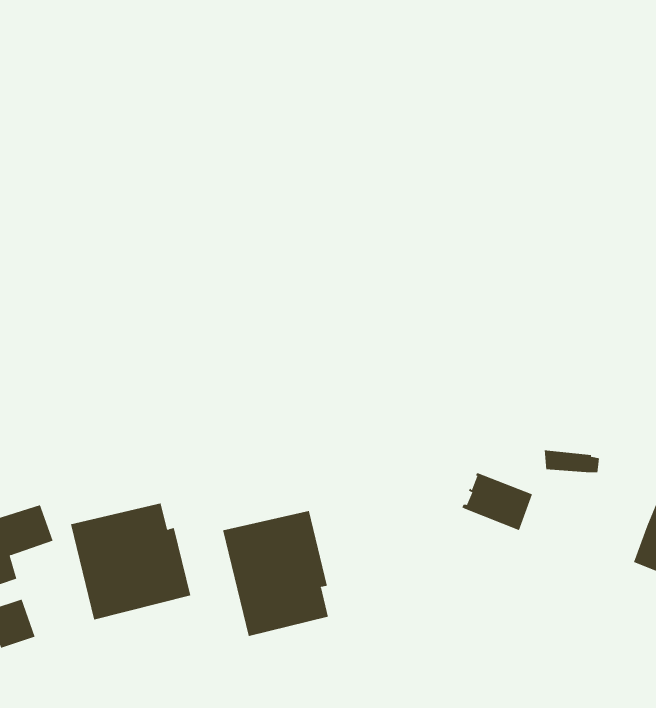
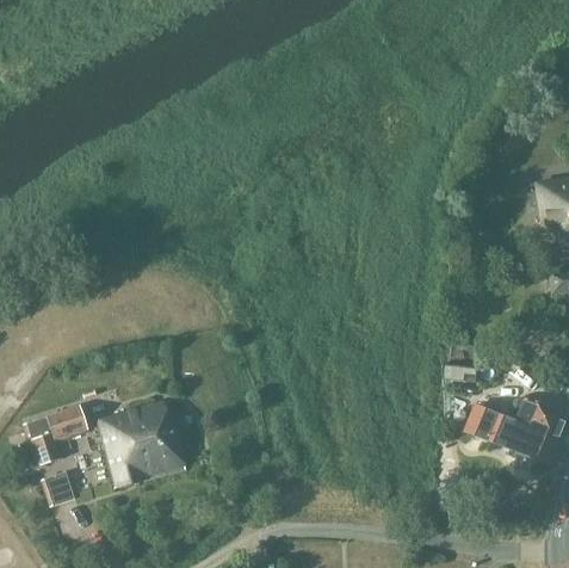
building: [462,473,533,531] -> [466,401,518,443]
building: [223,510,328,637] -> none

